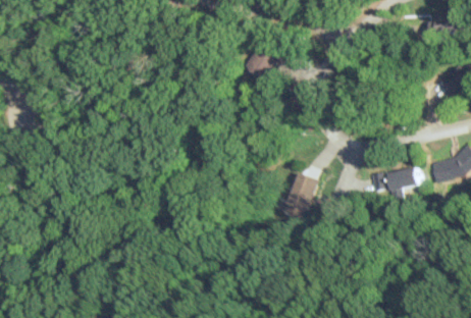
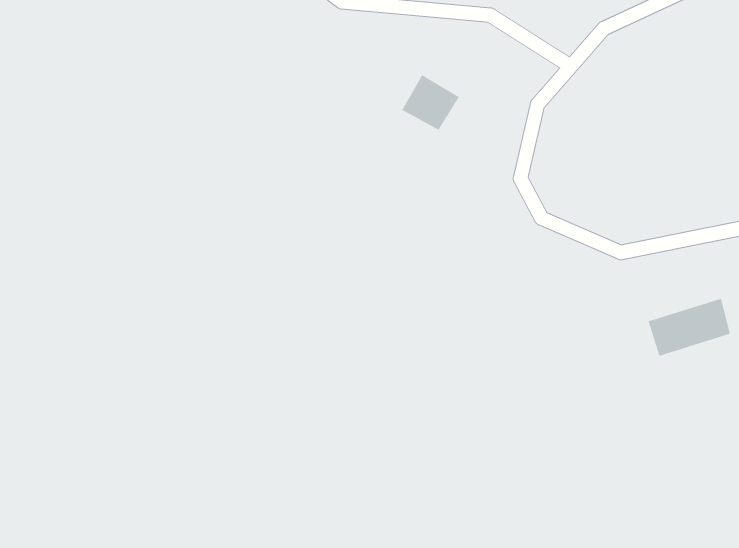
building: [291,173,323,211] -> none

